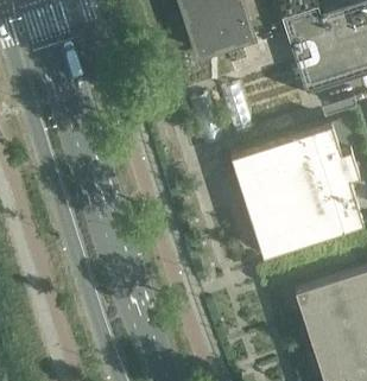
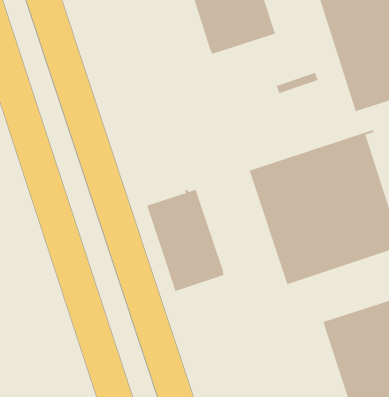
building: none -> [146,189,224,292]

